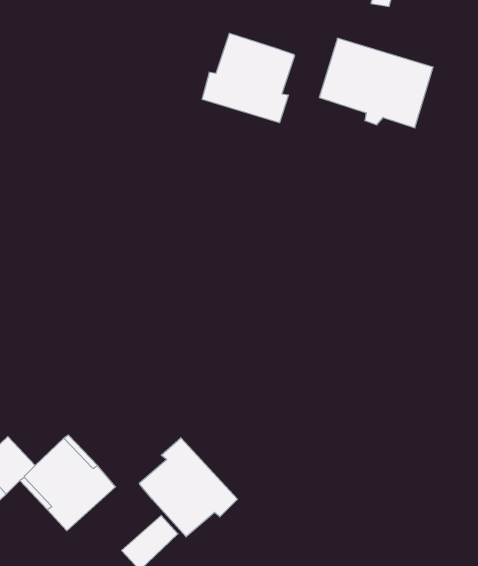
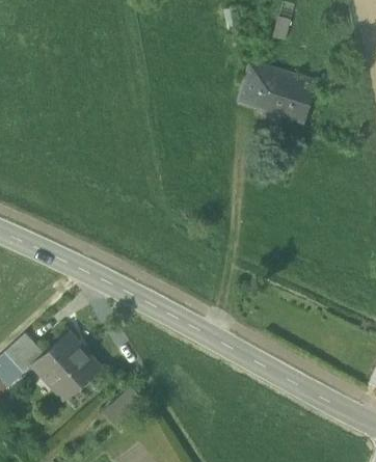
building: [202,33,294,123] -> none
building: [140,438,237,537] -> none

